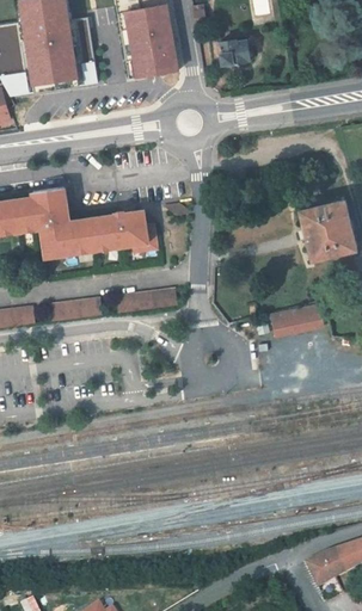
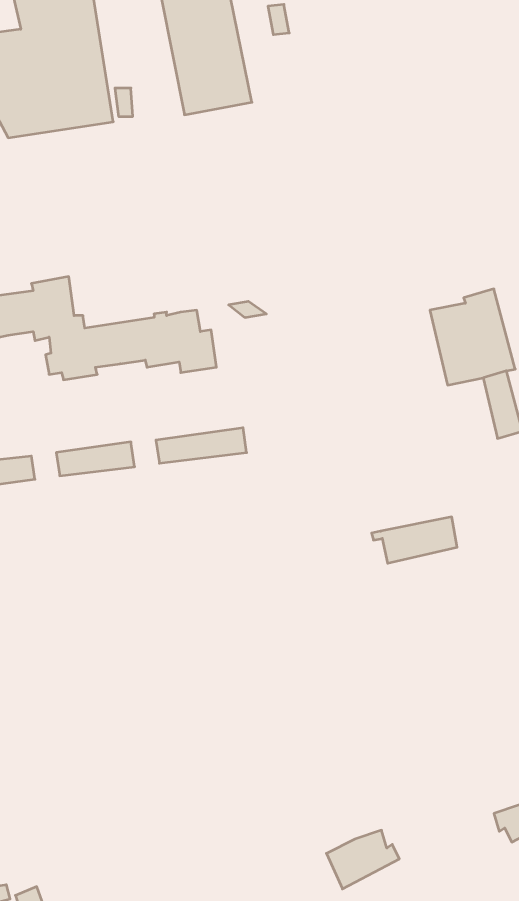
building: [219,38,250,63] -> none
building: [265,304,323,335] -> [372,517,457,563]
building: [306,547,355,586] -> [326,830,399,889]

